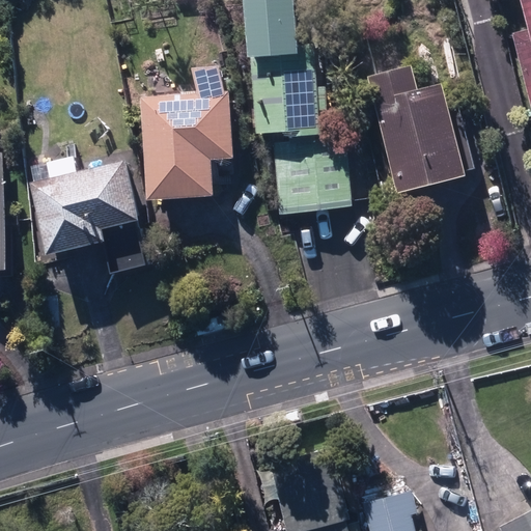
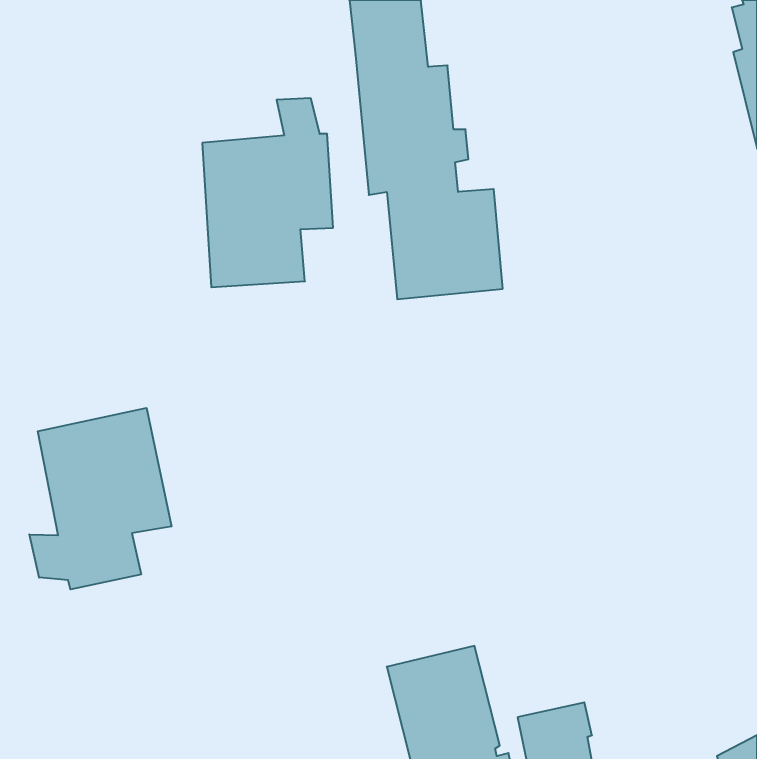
building: [369,67,473,194] -> none
building: [30,164,146,275] -> none
building: none -> [29,408,172,589]

